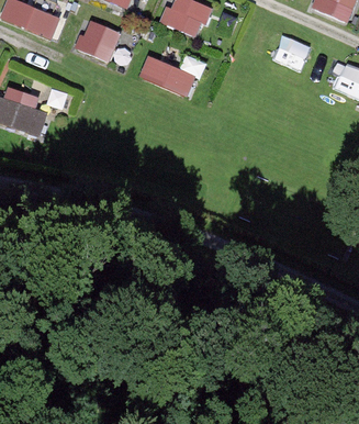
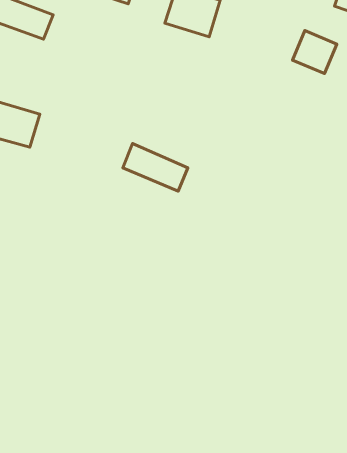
building: [74,16,123,64] -> none
building: [138,55,197,98] -> [123,143,188,191]

